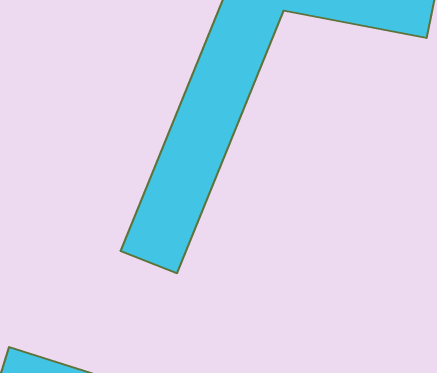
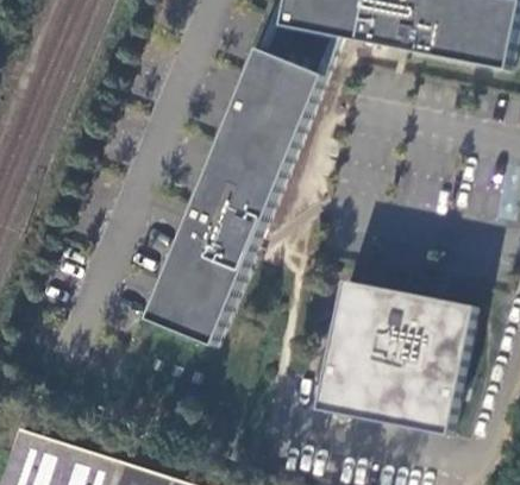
building: none -> [317,279,474,435]

